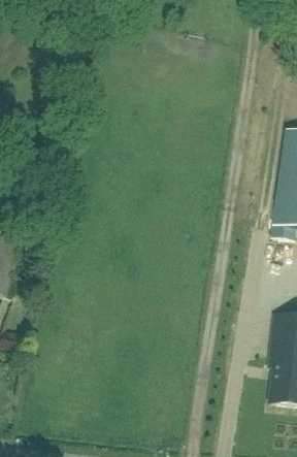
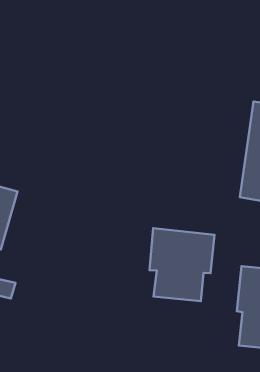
building: none -> [150,228,214,301]

